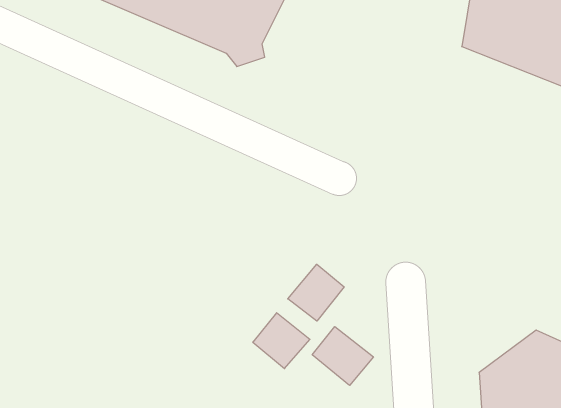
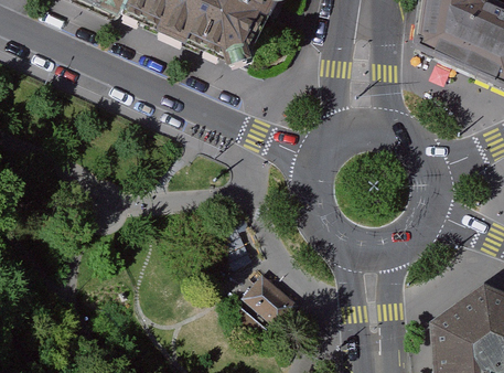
building: [288,264,344,321] -> none
building: [312,327,373,385] -> none

